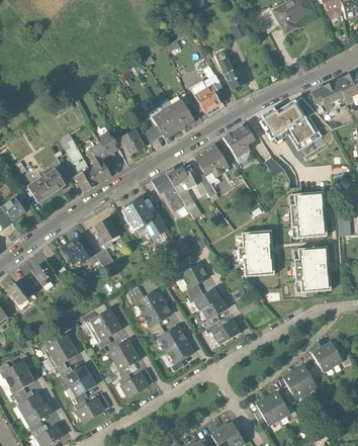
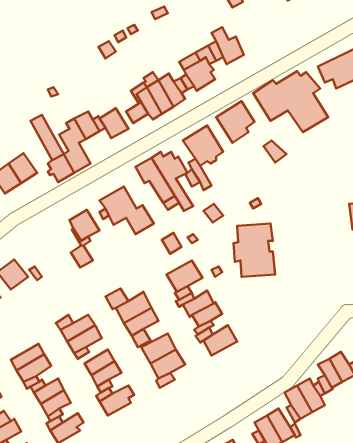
building: [289,190,327,237] -> none
building: [59,236,91,265] -> none
building: [293,245,331,291] -> none

